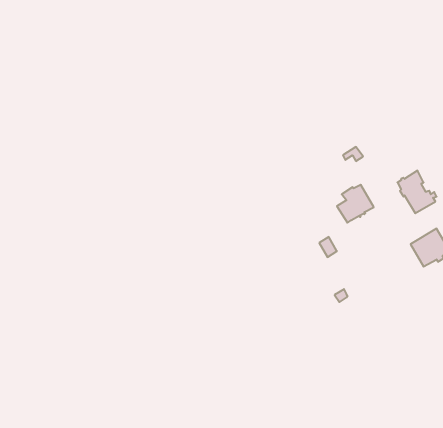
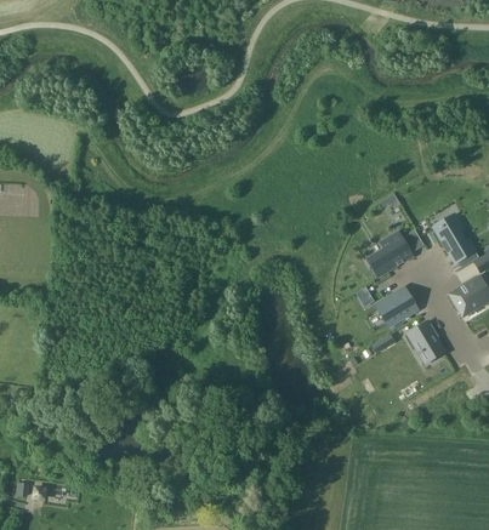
building: none -> [377,286,417,325]
building: none -> [406,321,445,361]

